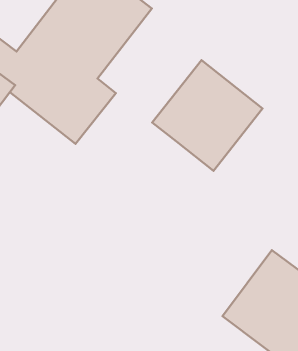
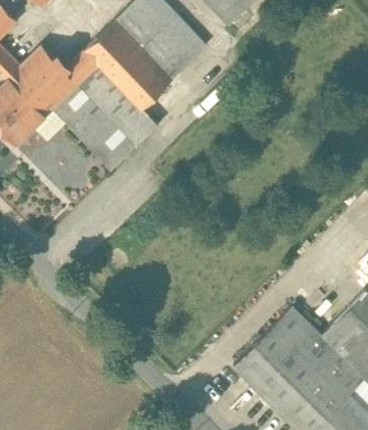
building: [152,60,263,171] -> none

